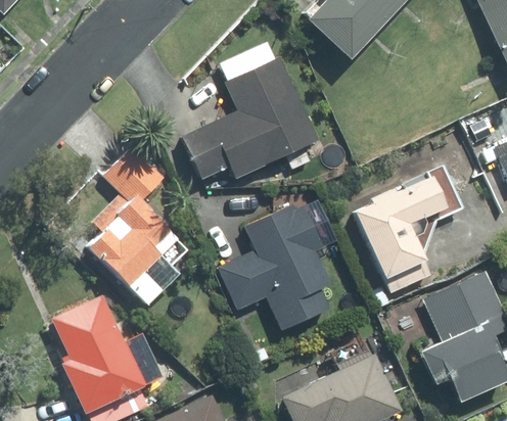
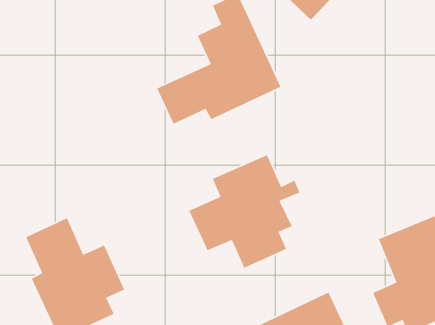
building: [94,160,182,301] -> none
building: [347,176,445,294] -> none

